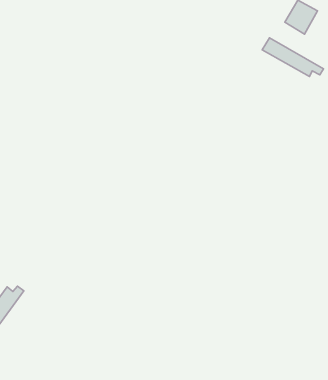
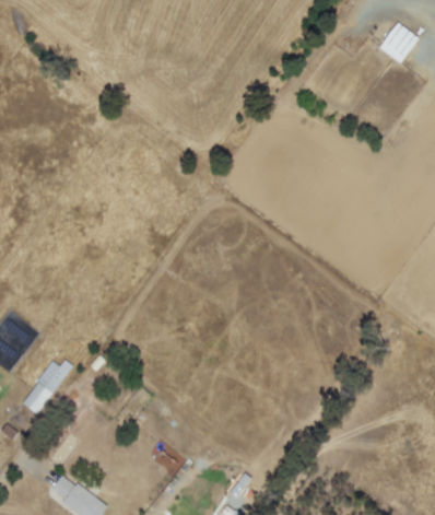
building: [262,38,323,77] -> none

